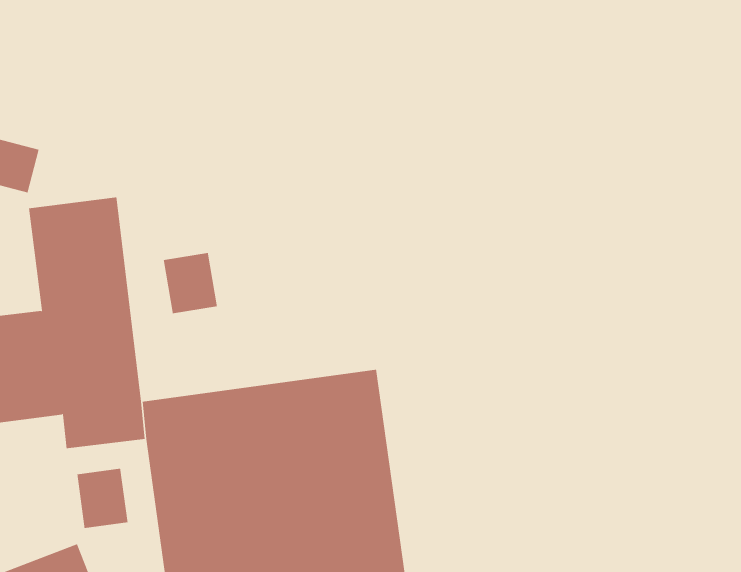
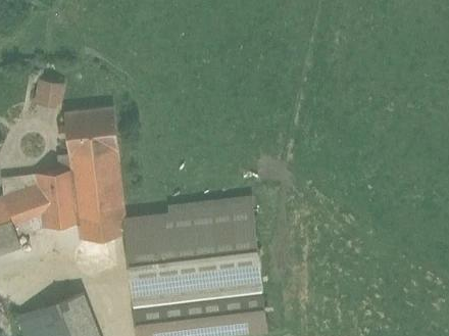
building: [163,252,217,314] -> none
building: [77,468,128,529] -> none

